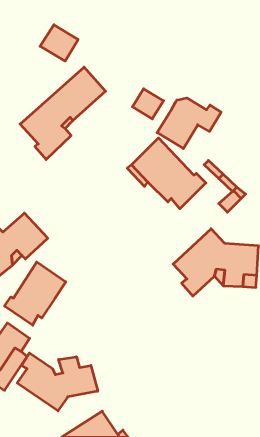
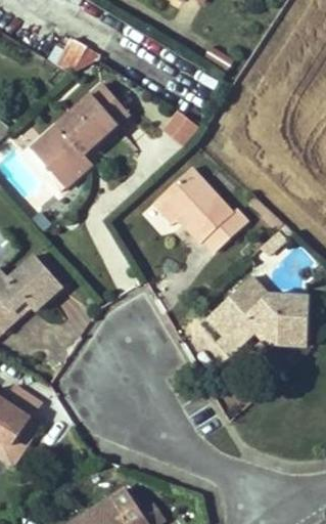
building: [157,98,221,149] -> none
building: [5,262,66,325] -> none
building: [17,353,98,411] -> none

